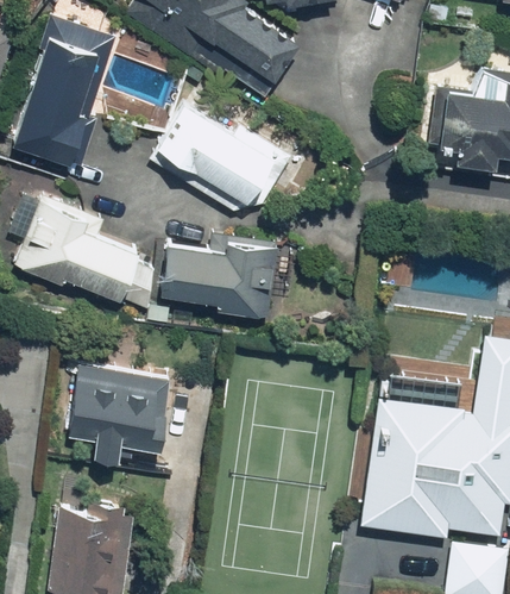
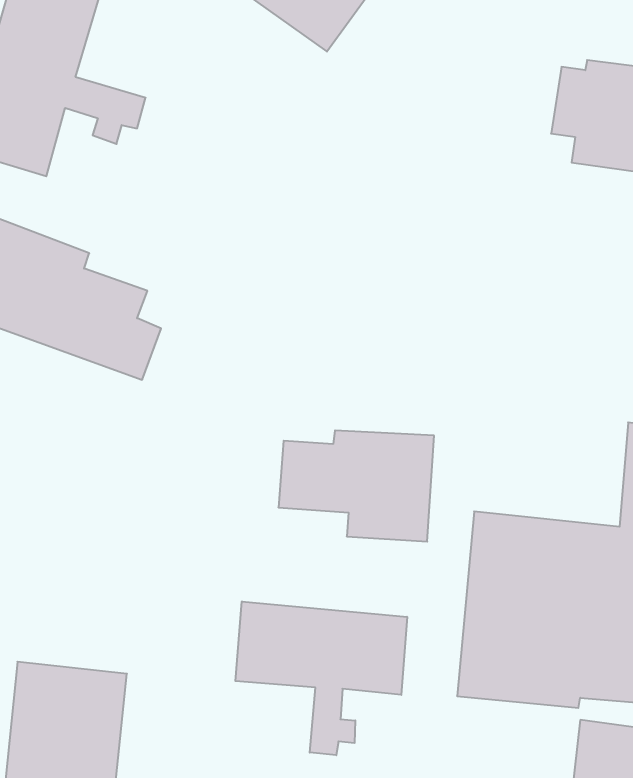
building: [146,100,277,215] -> none
building: [168,237,276,314] -> [278,430,434,542]
building: [73,338,170,458] -> none
building: none -> [235,601,407,755]

